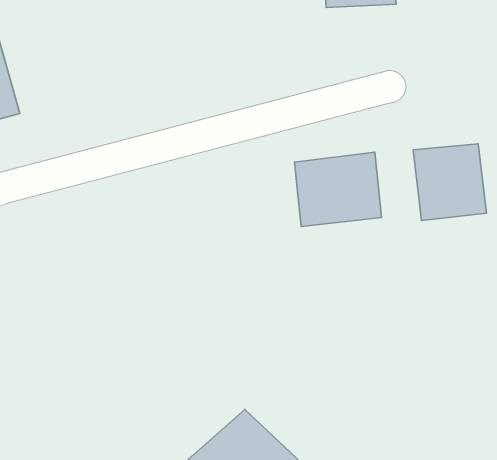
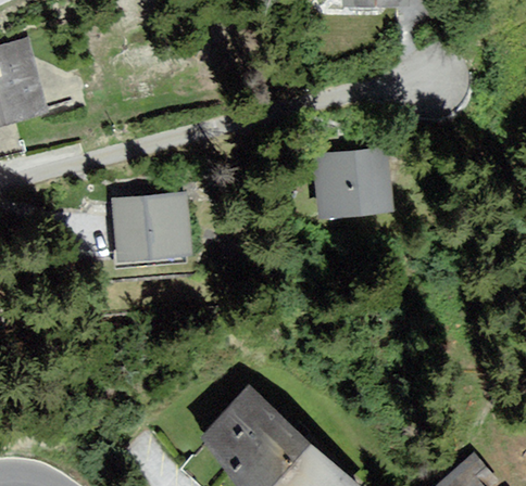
building: [413,144,487,220] -> none
building: none -> [110,194,189,264]

